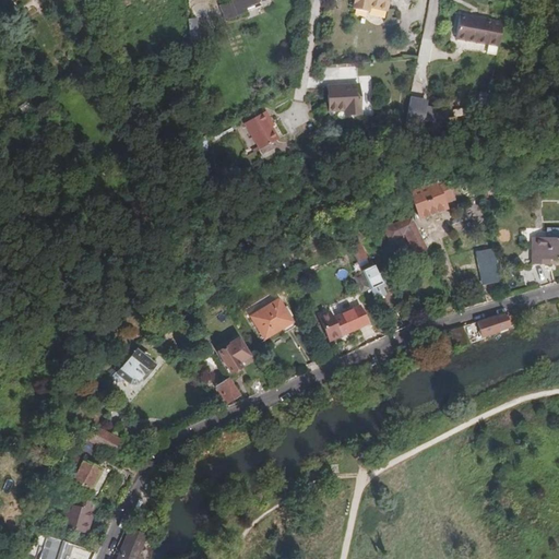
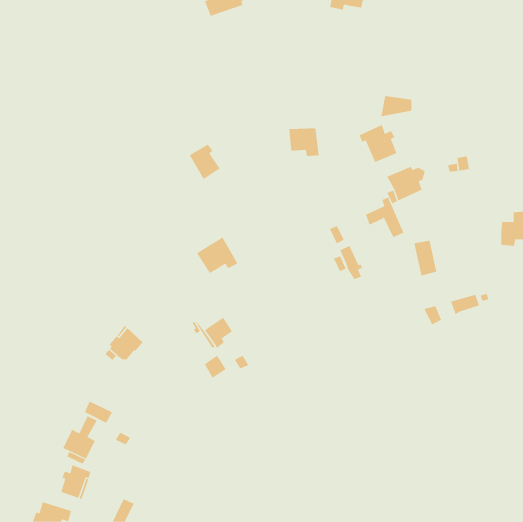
building: [455,16,503,48] -> none
building: [328,86,360,117] -> [289,128,319,156]
building: [243,114,277,152] -> [189,144,221,180]
building: none -> [359,124,397,163]
building: [477,246,502,284] -> [414,240,437,276]
building: [251,297,296,336] -> [196,237,238,274]
building: [320,304,370,338] -> none

